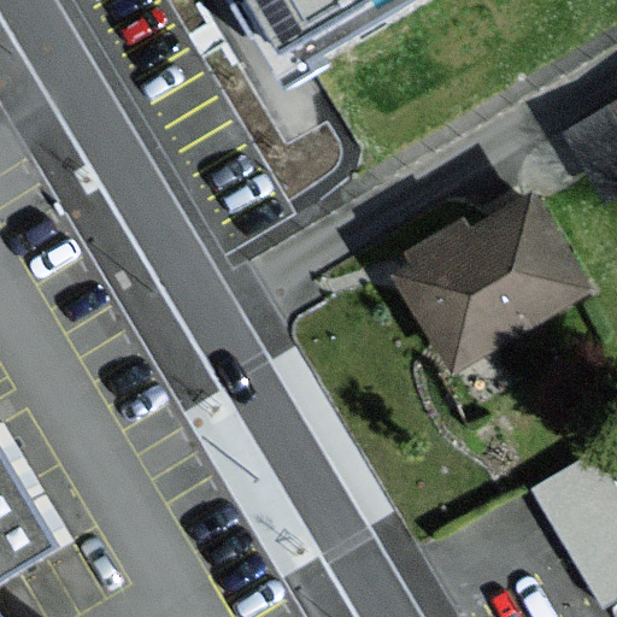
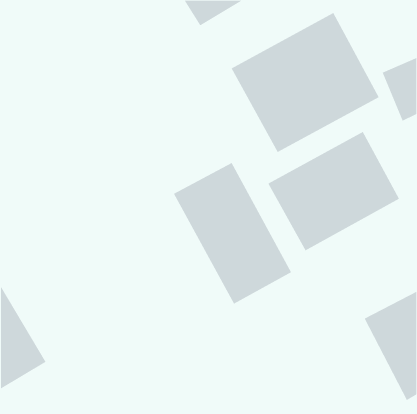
building: none -> [231,12,380,153]
building: none -> [173,162,292,304]

